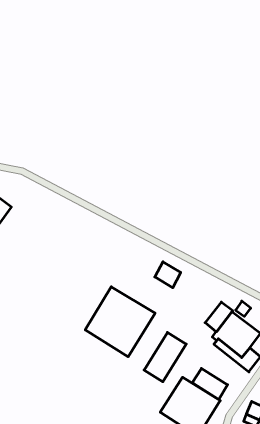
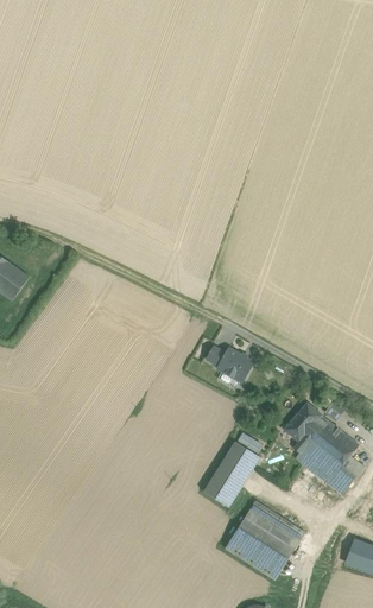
building: [85,287,155,357] -> none
building: [192,368,228,399] -> none

